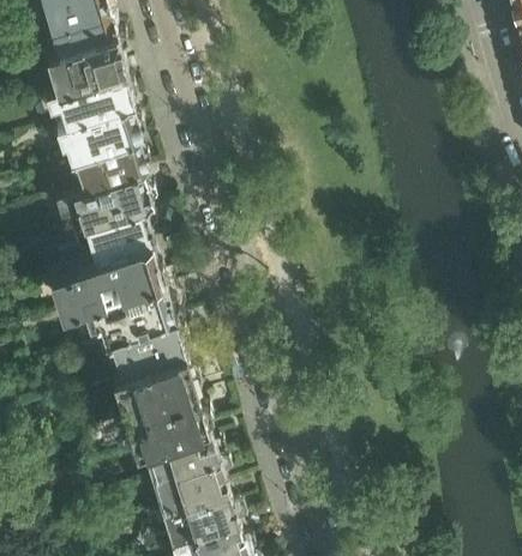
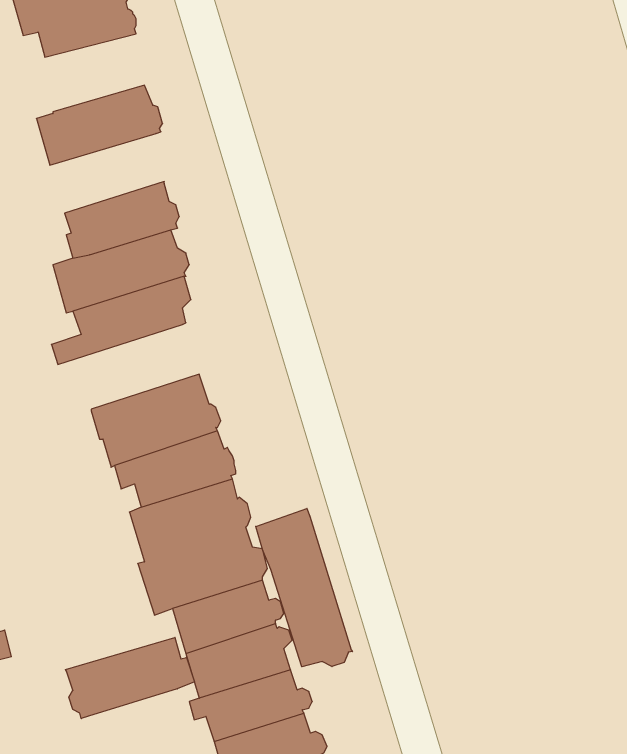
building: [44,34,125,90] -> none
building: [34,105,142,169] -> none
building: [49,243,161,312] -> none
building: none -> [256,508,352,667]
building: none -> [65,637,194,719]

